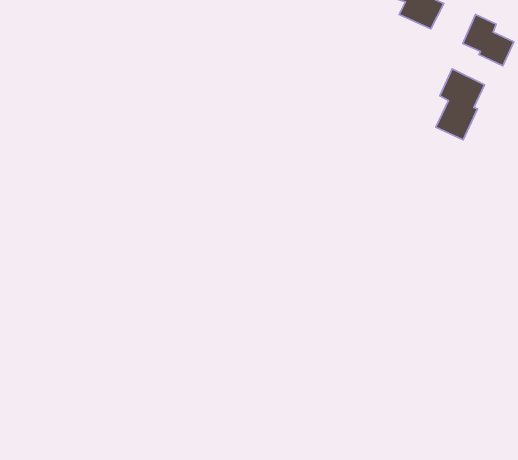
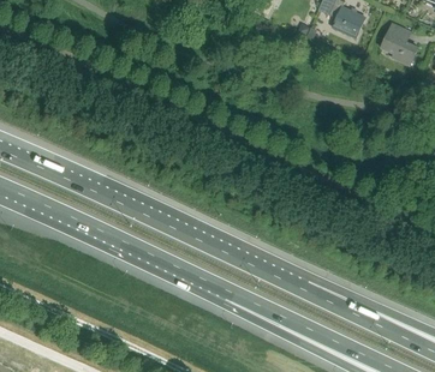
building: [436,69,485,140] -> none

